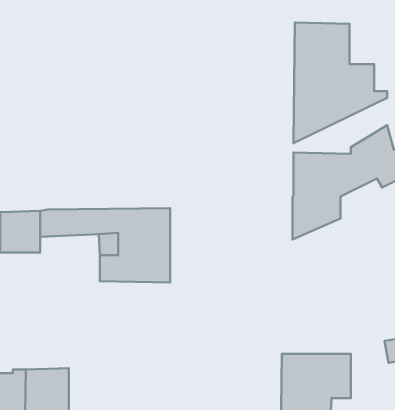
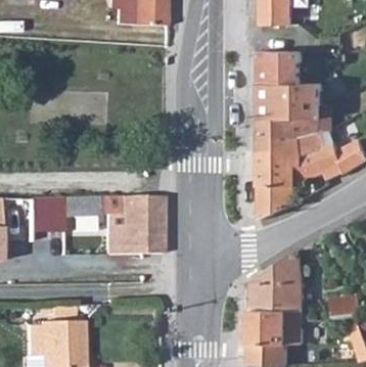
building: none -> [259,108,332,152]
building: none -> [249,249,303,310]

